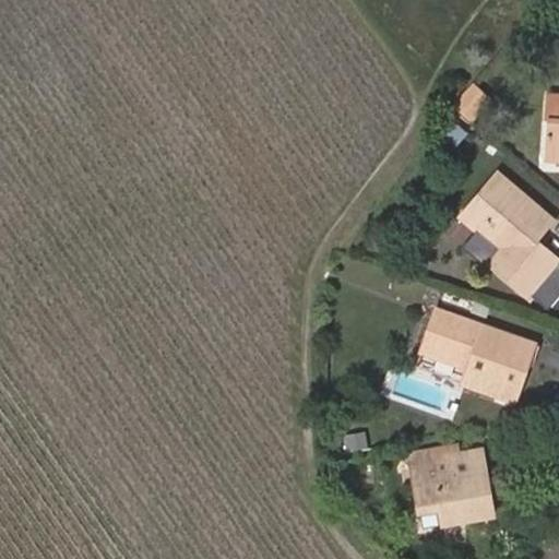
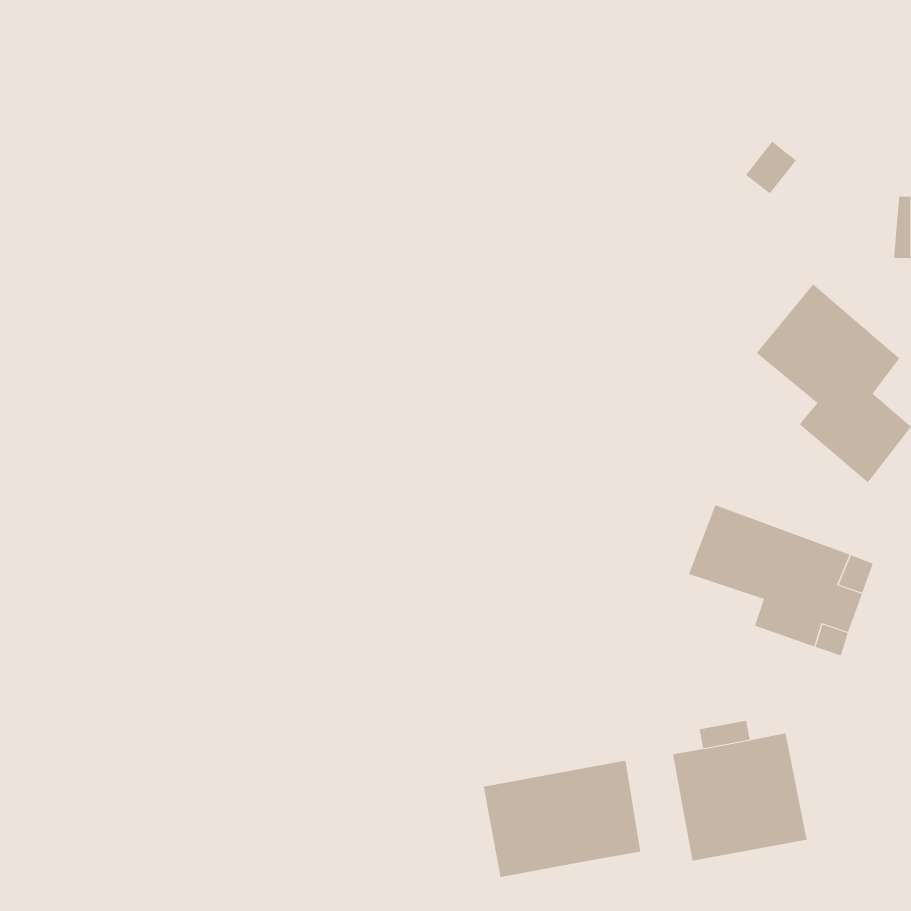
building: none -> [483,760,641,878]

